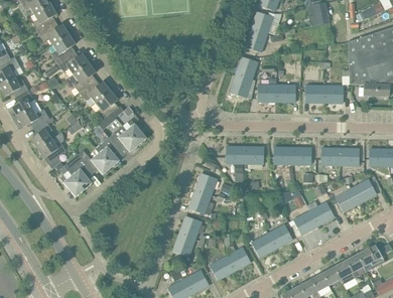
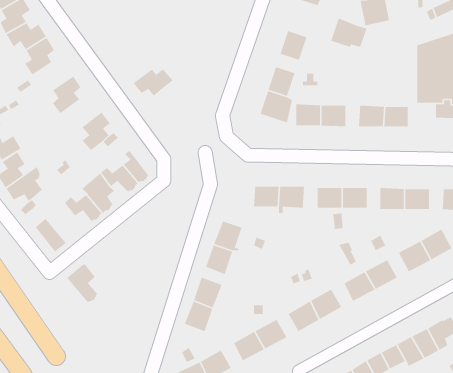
building: [251,10,279,33] -> [330,17,367,48]
building: [57,52,89,73] -> none
building: [79,81,110,102] -> [132,68,174,96]
building: [68,159,92,189] -> [66,263,98,303]

